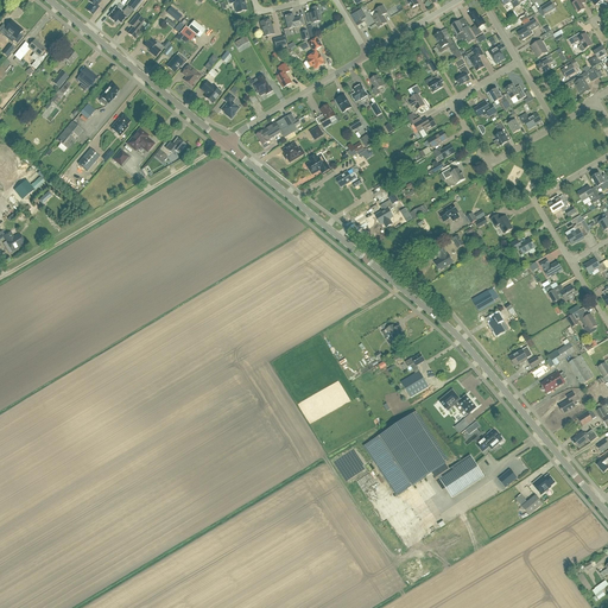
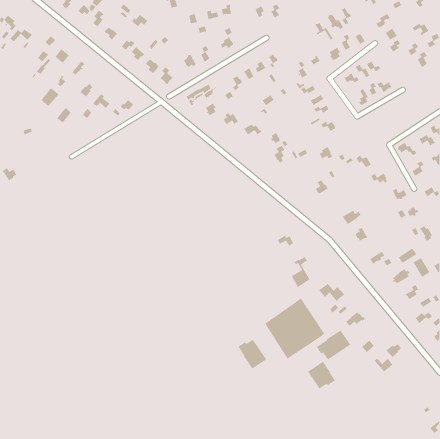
building: none -> [237,339,267,369]
building: none -> [307,361,336,389]

